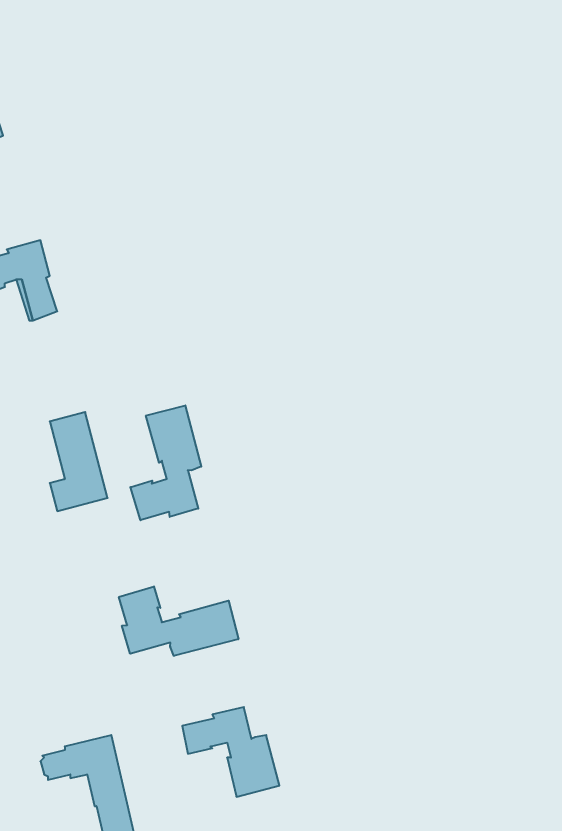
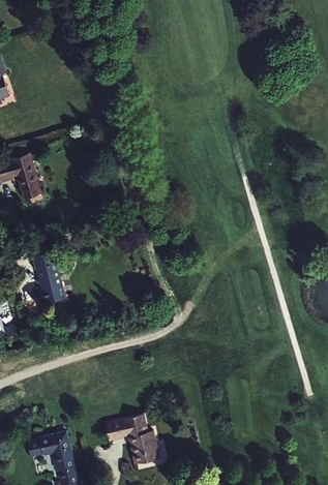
building: [130,405,201,520] -> none
building: [119,586,238,656] -> none

